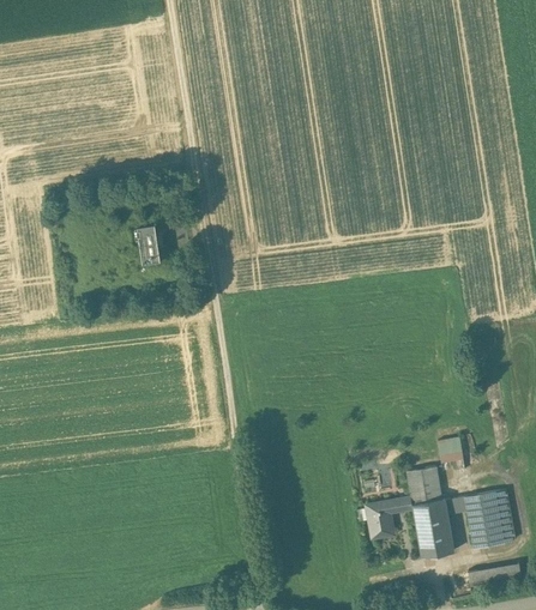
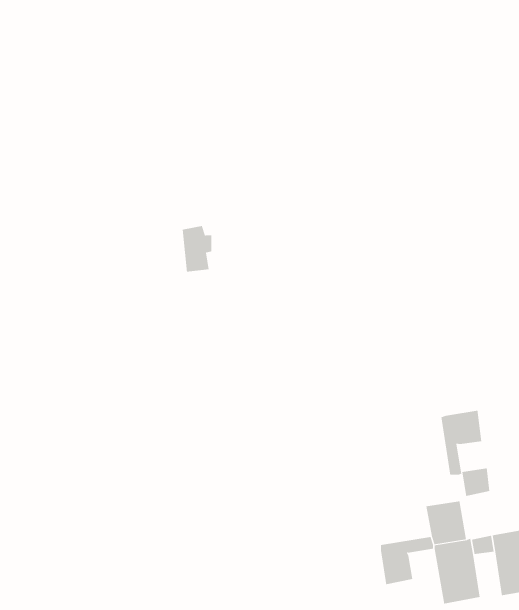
building: [140,225,167,266] -> [182,225,212,272]
building: none -> [441,410,482,475]

